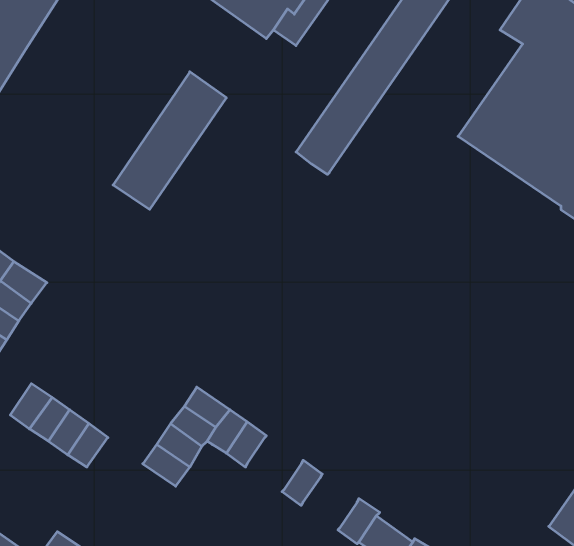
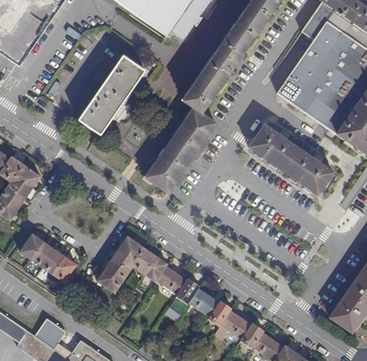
building: none -> [145,108,217,193]
building: none -> [249,124,334,195]
building: none -> [156,265,187,295]
building: none -> [188,288,219,317]

